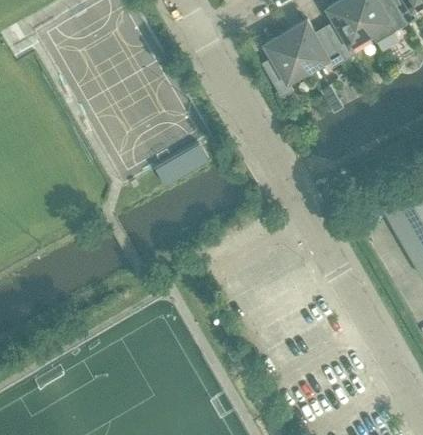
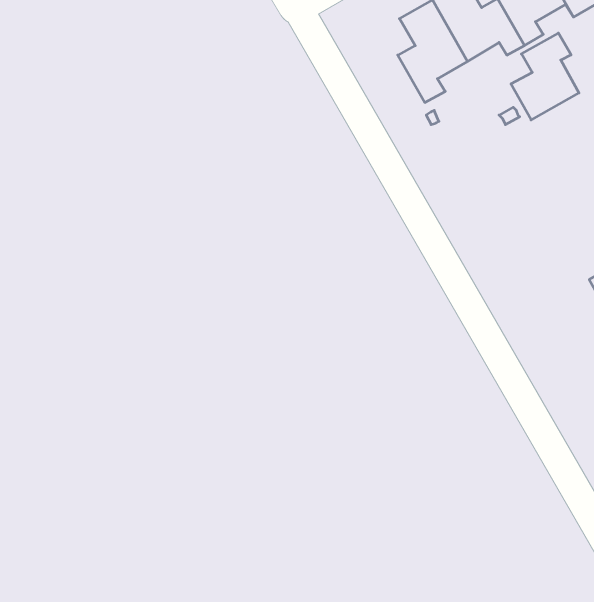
building: none -> [511,33,579,120]
building: [156,143,208,184] -> none

